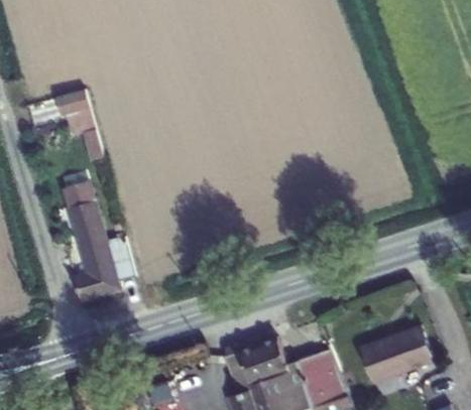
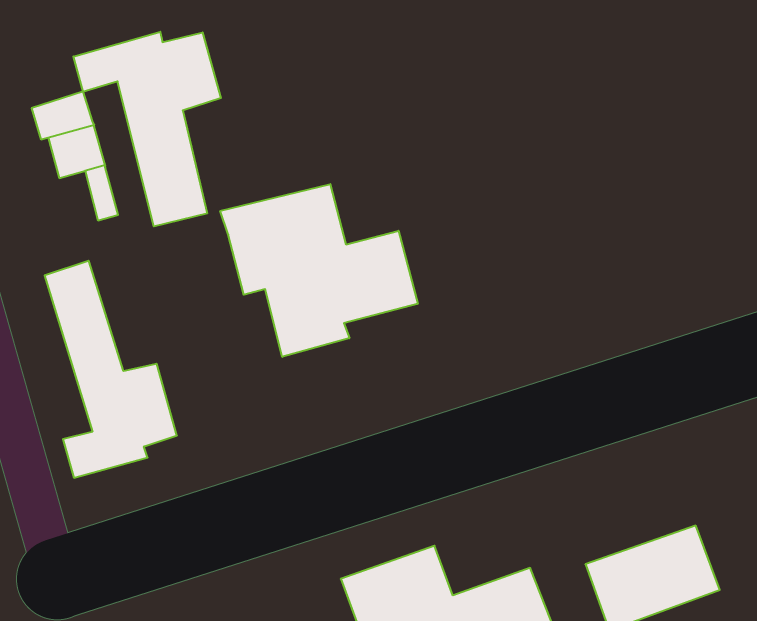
building: none -> [73,32,221,226]
building: none -> [220,184,418,357]

